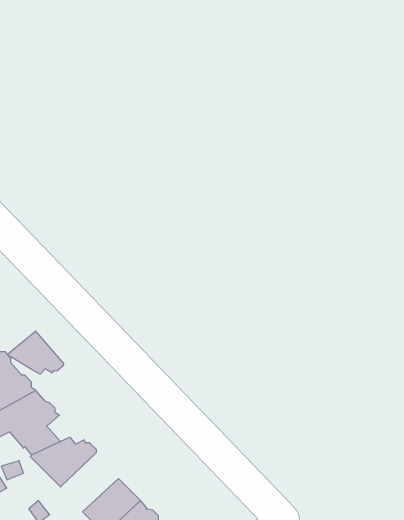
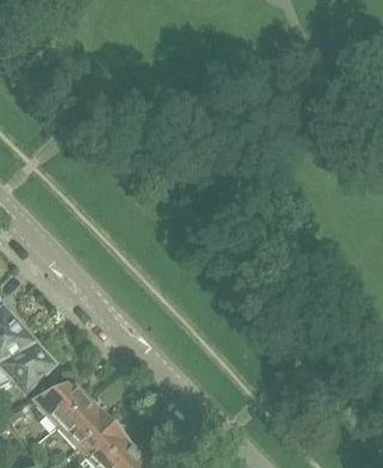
building: [7,331,63,374] -> none
building: none -> [56,396,106,448]

